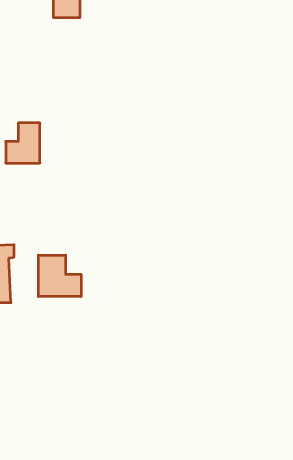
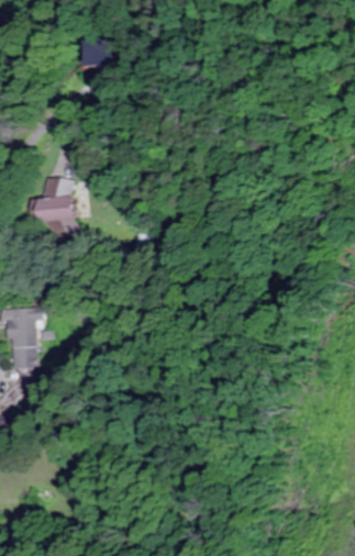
building: [38,255,81,297] -> none

